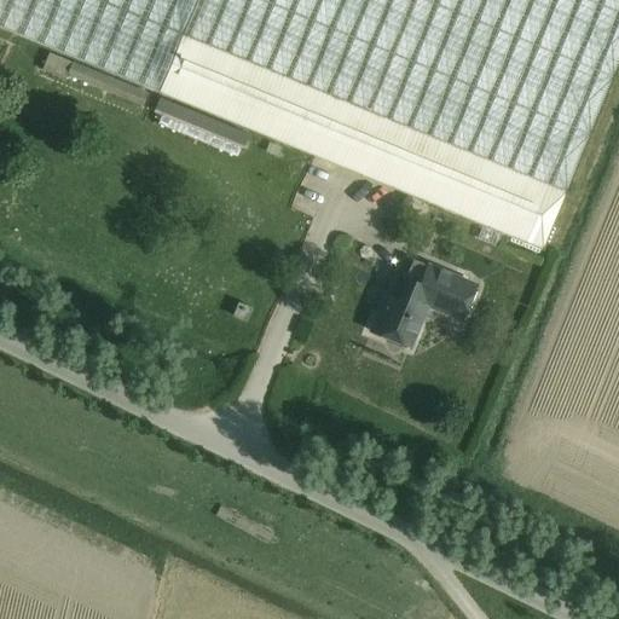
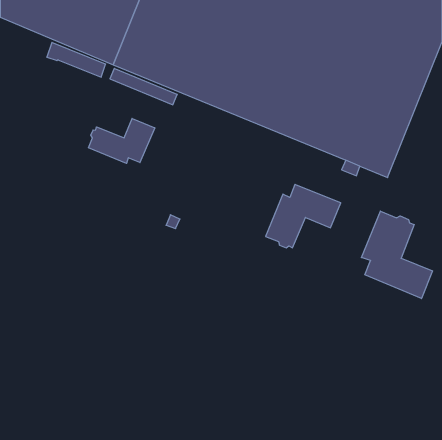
building: none -> [88,118,155,163]
building: none -> [361,211,433,299]

